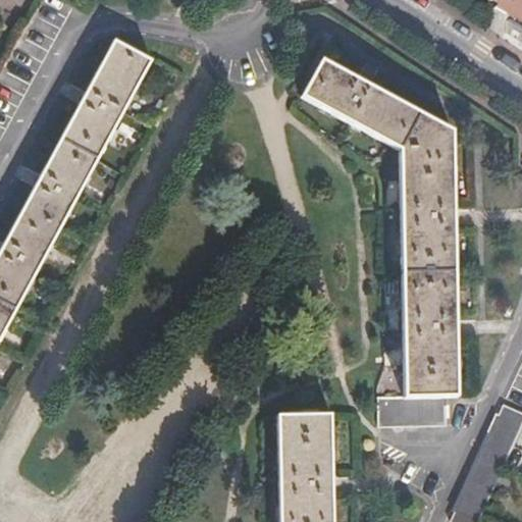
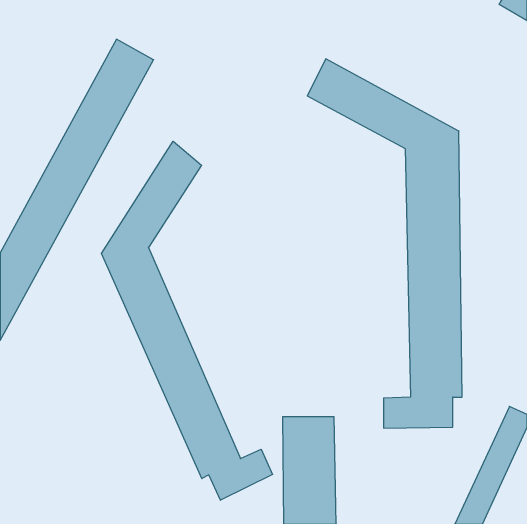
building: none -> [101,141,273,500]

